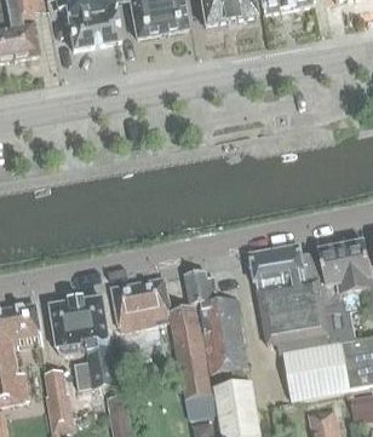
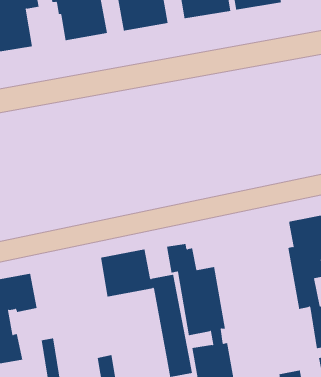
building: [251,245,350,398] -> none
building: [51,297,116,390] -> none

